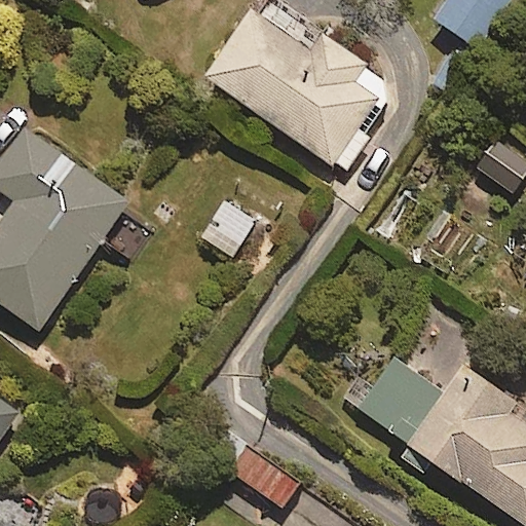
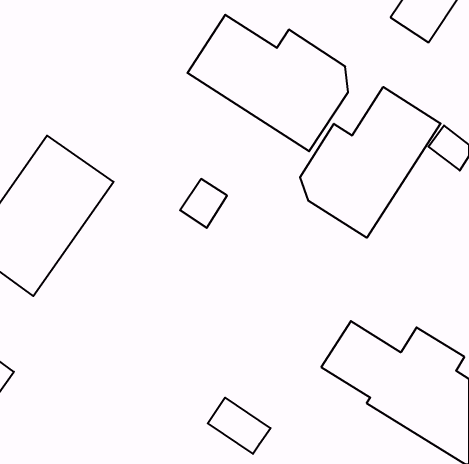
building: none -> [300,87,441,238]

